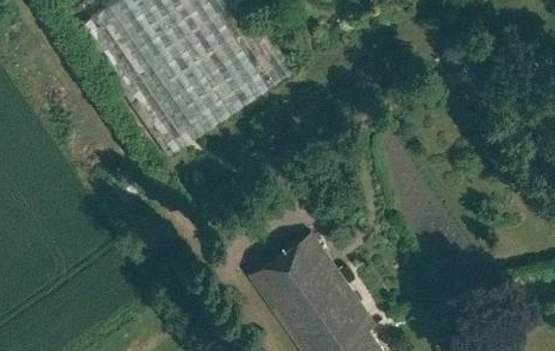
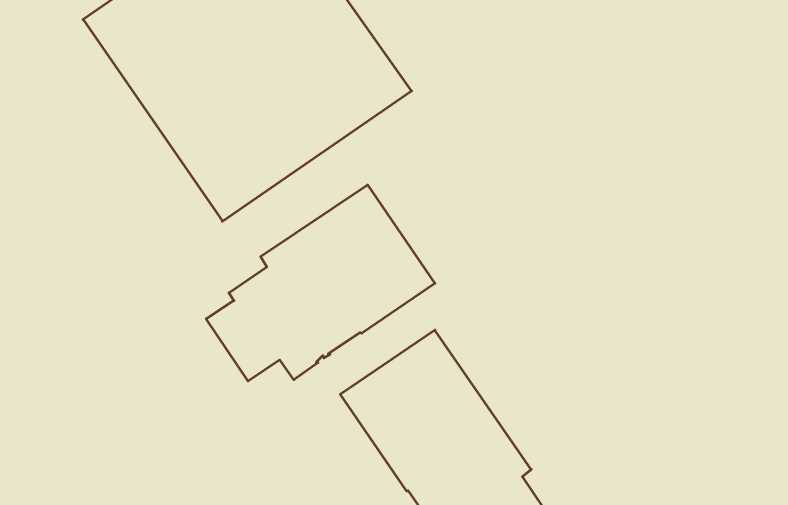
building: none -> [206,185,435,381]

